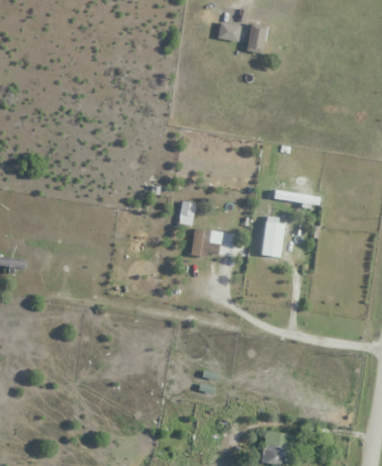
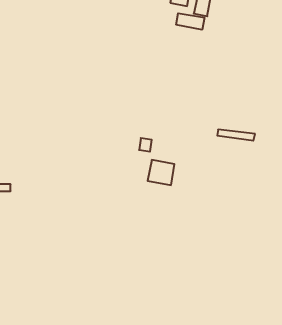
building: none -> [176,13,204,30]
building: [261,221,285,258] -> none

